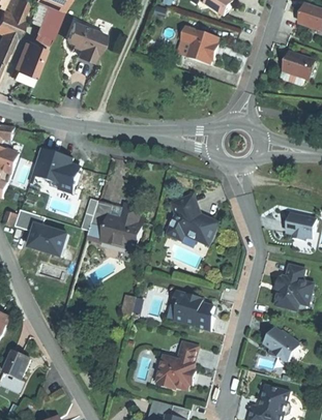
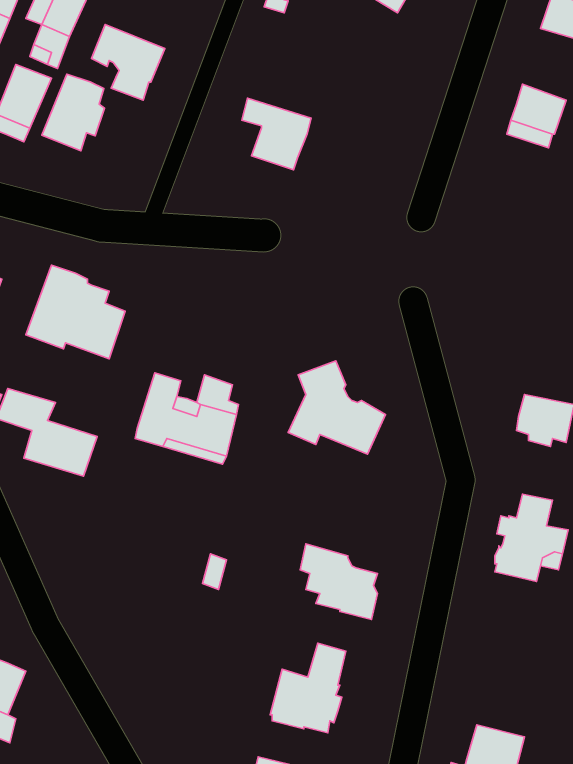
building: [184,27,221,64] -> [242,98,311,170]
building: none -> [42,74,105,151]
building: [266,328,301,361] -> none

